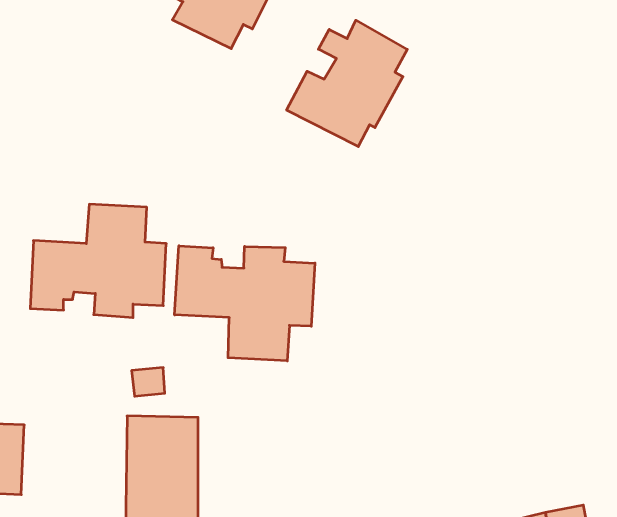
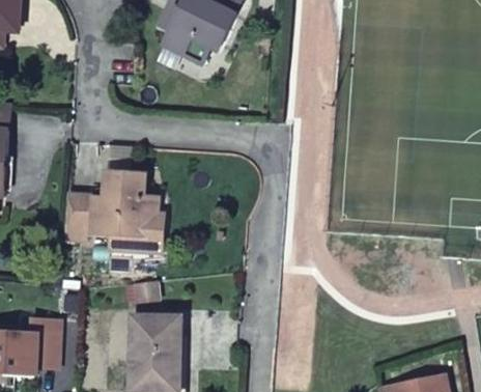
building: [287,20,407,147] -> none
building: [175,246,315,361] -> none

